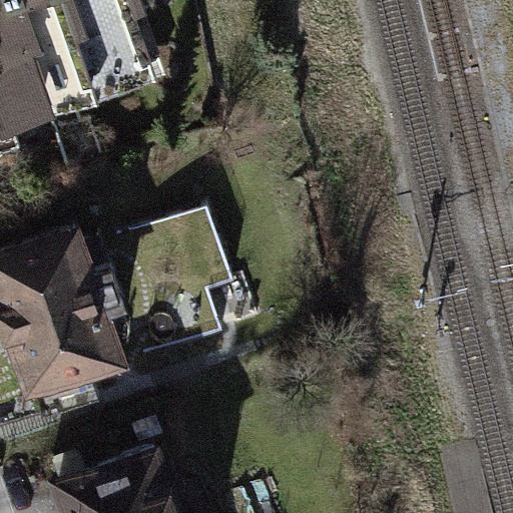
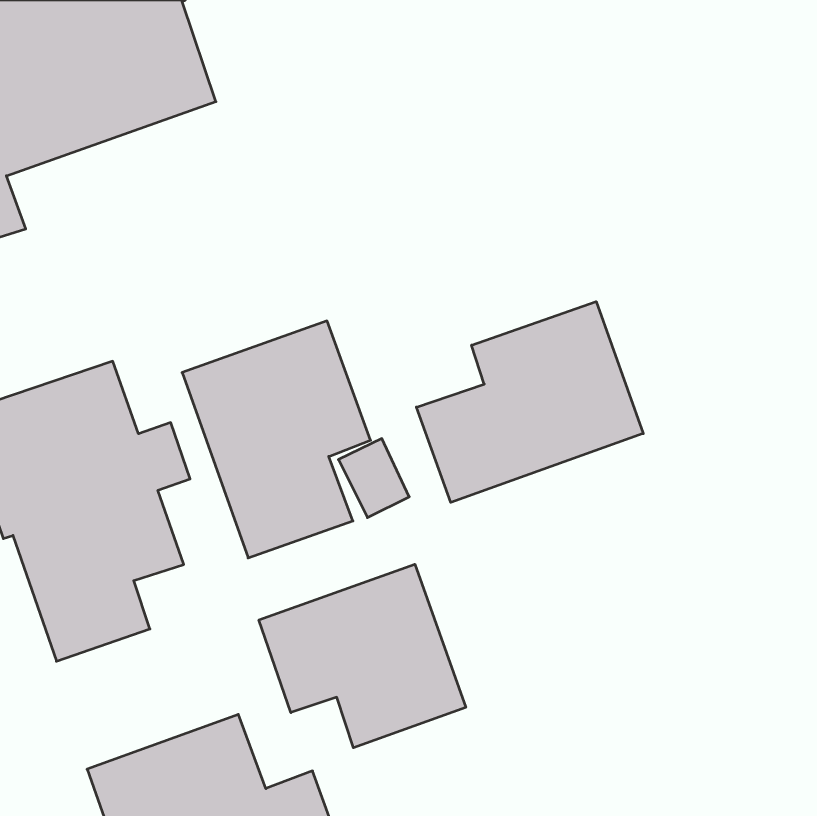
building: none -> [416,302,643,502]
building: none -> [259,564,466,748]

